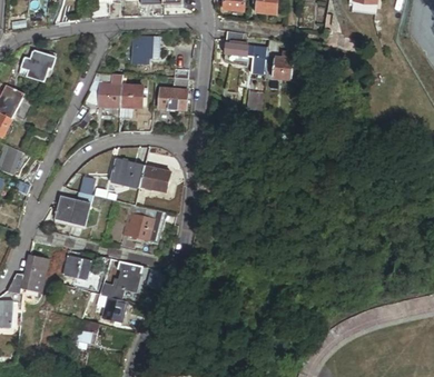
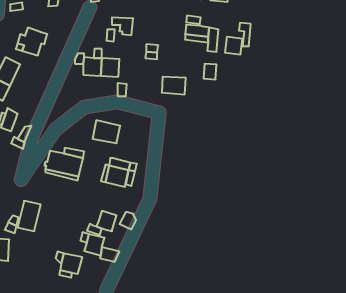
building: [160,88,189,109] -> [162,77,186,94]
building: [140,166,171,192] -> none
building: [63,254,92,279] -> none

